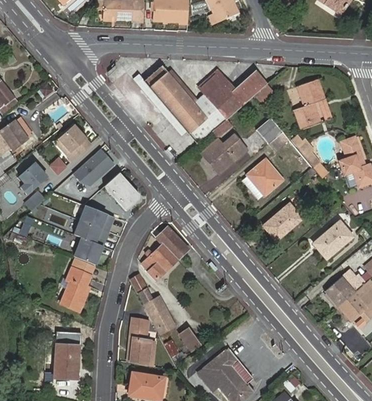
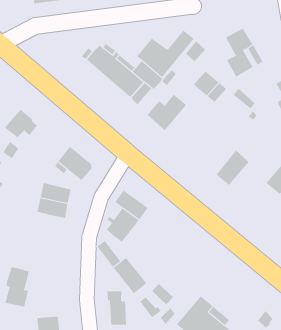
building: [73,148,113,184] -> none
building: [239,156,284,201] -> none
building: [73,237,102,264] -> none
building: [59,267,90,311] -> [5,267,30,307]

